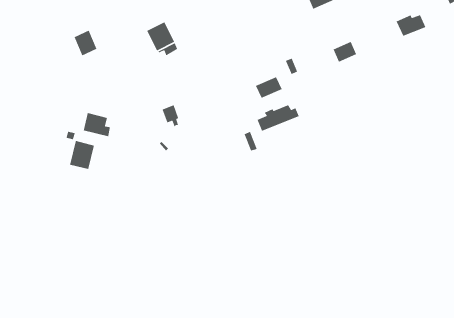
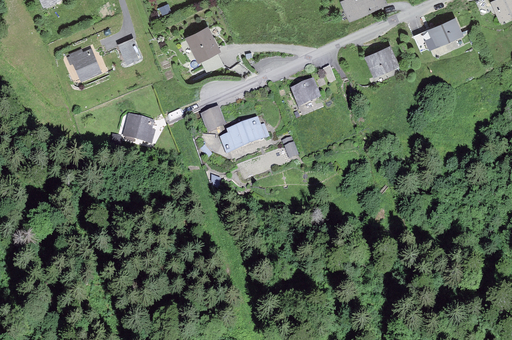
building: none -> [72,51,97,77]
building: [256,104,300,132] -> [223,123,265,150]
building: [69,140,95,170] -> none

